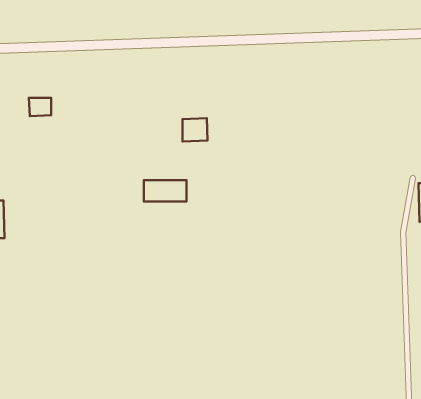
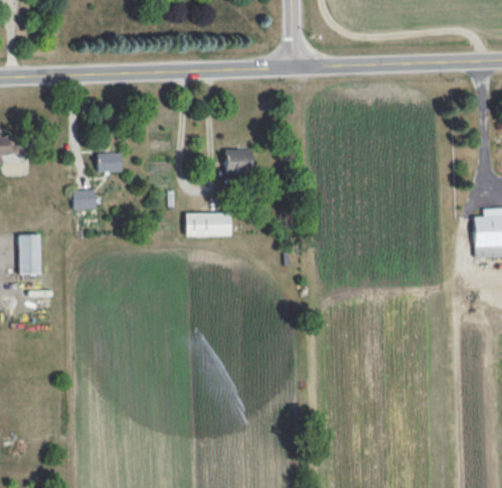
building: [29,98,51,116] -> [98,153,121,172]
building: none -> [73,190,96,209]

